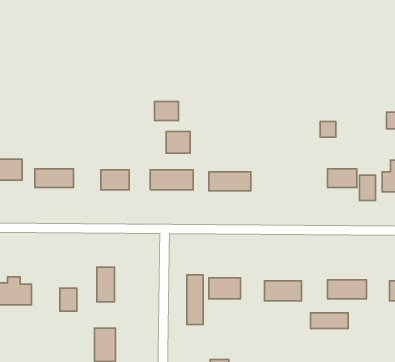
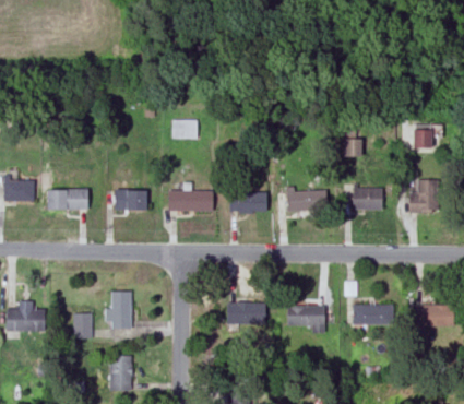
building: [166,131,190,153] -> none
building: none -> [286,190,325,211]
building: [360,175,375,201] -> none
building: [187,275,203,325] -> none
building: [311,313,348,328] -> none

